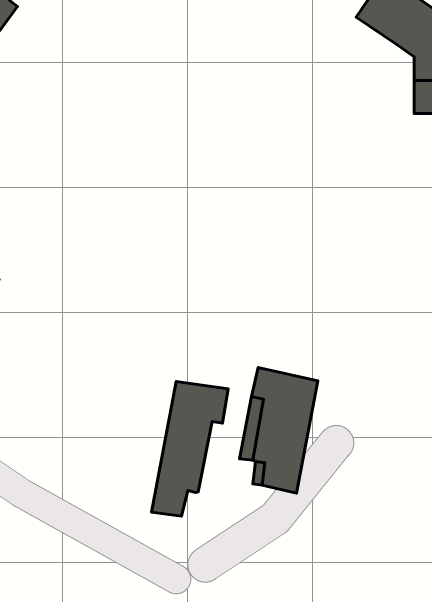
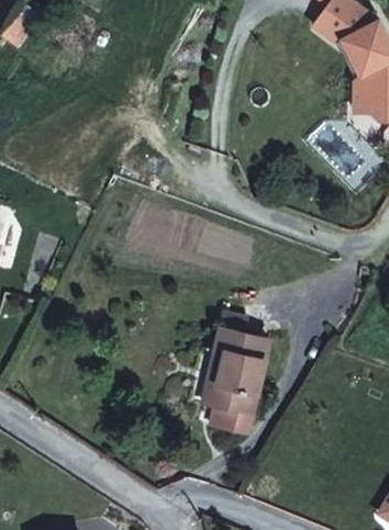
building: [152,381,228,516] -> none

